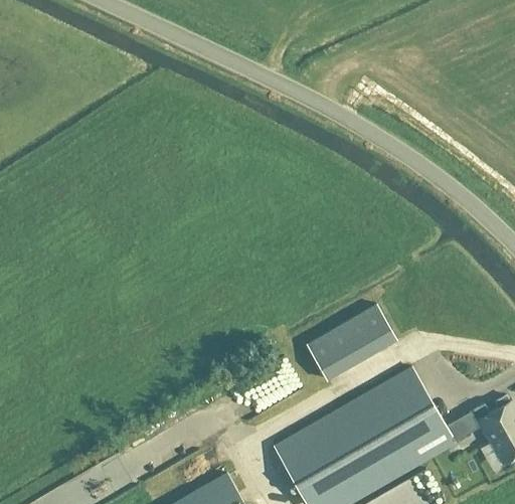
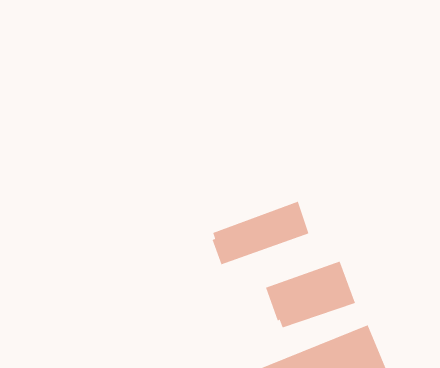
building: none -> [212,201,309,265]

